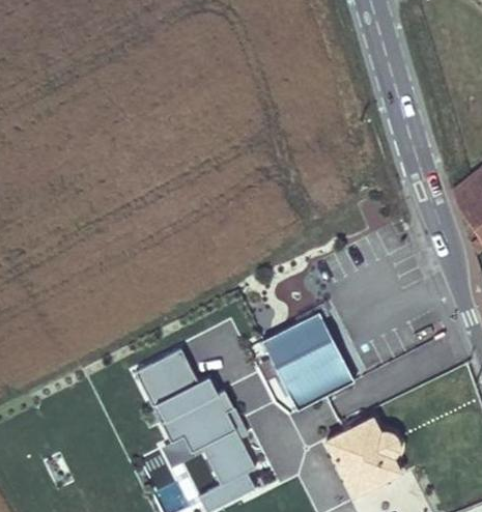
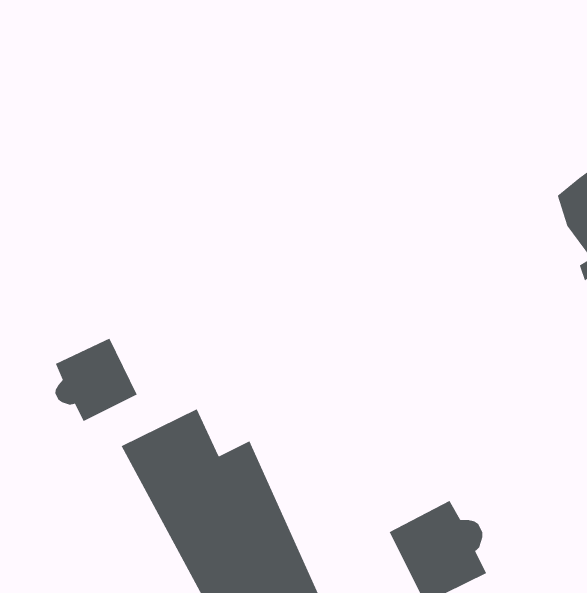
building: none -> [54,338,138,422]
building: [262,312,355,409] -> none

